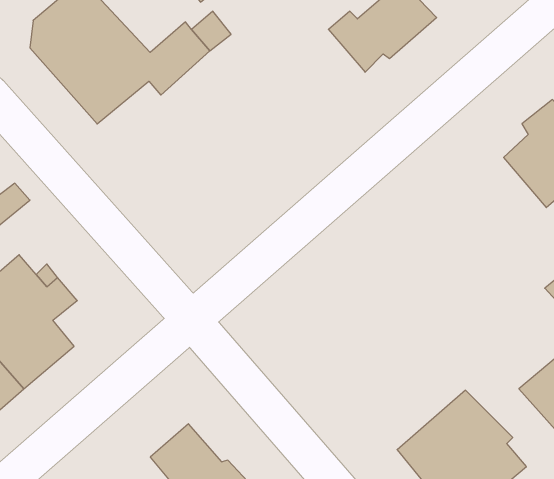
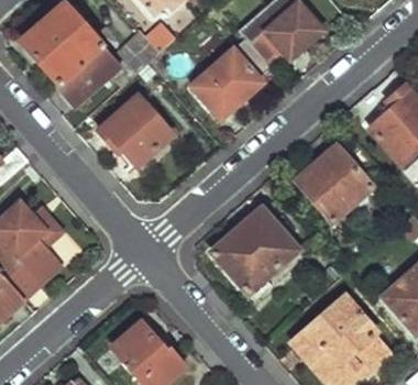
building: none -> [193,36,271,117]
building: none -> [100,96,173,164]
building: none -> [294,147,370,220]
building: none -> [216,207,300,293]

